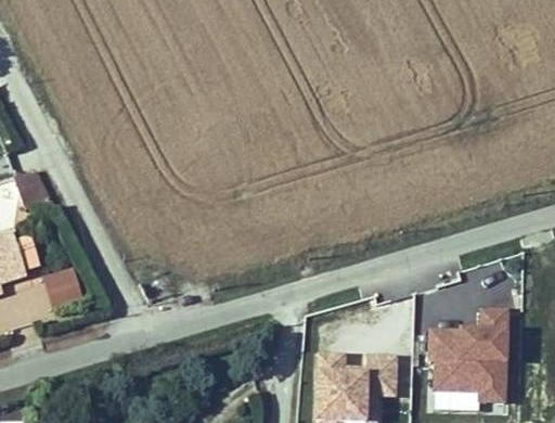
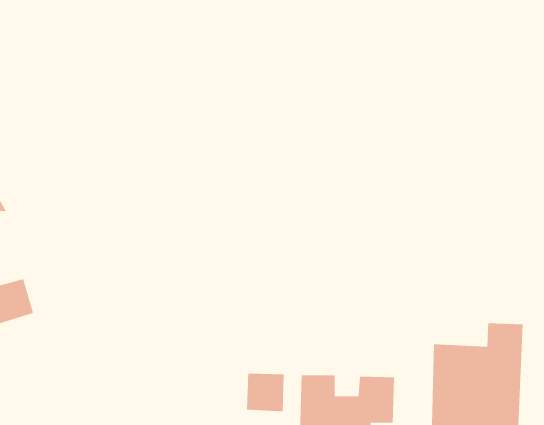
building: none -> [247,373,284,412]

